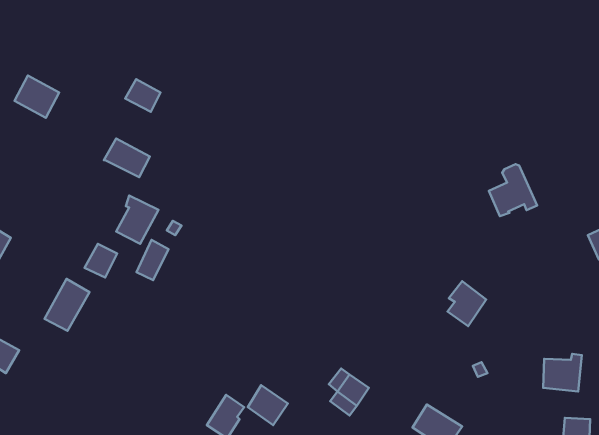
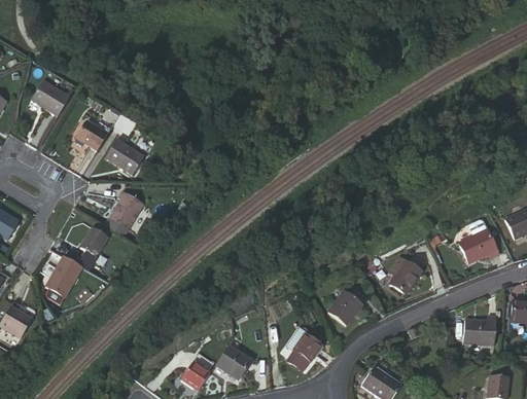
building: [125,79,160,112] -> [68,119,98,147]
building: [489,164,537,216] -> [461,217,502,261]
building: [136,240,169,280] -> none
building: none -> [330,292,364,326]

